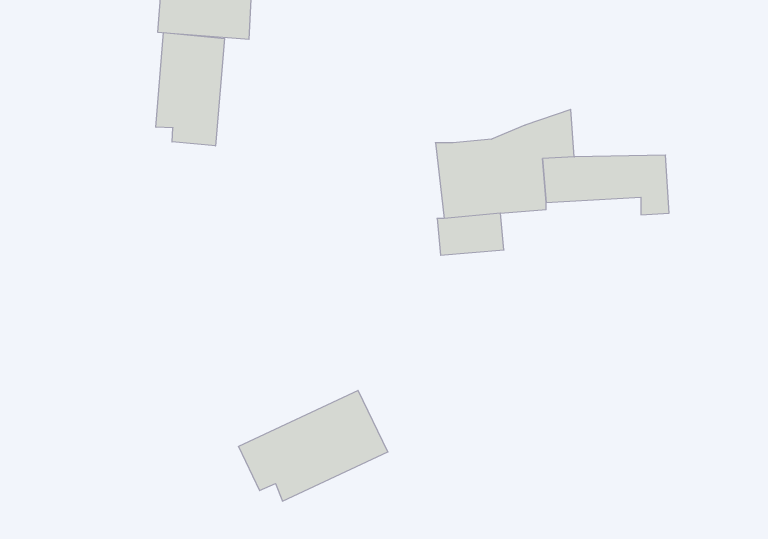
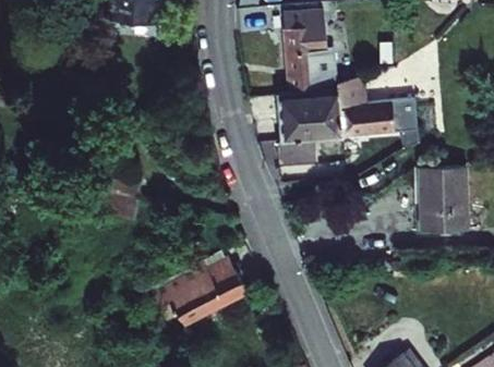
building: none -> [282,13,334,97]
building: [156,33,224,146] -> none
building: none -> [424,171,470,233]

